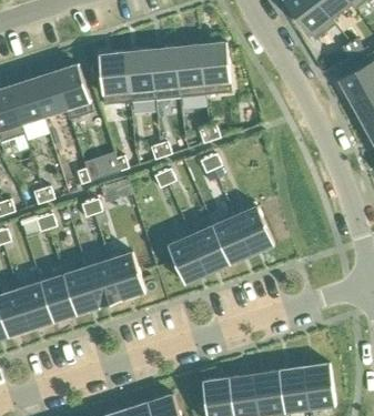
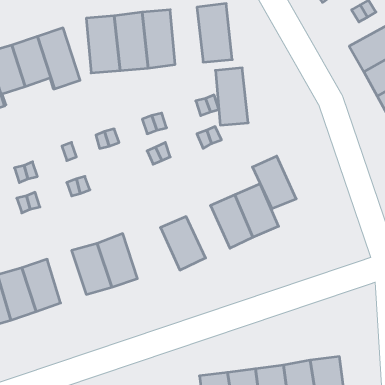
building: [174,44,204,97] -> [215,68,248,125]
building: [189,225,229,273] -> [252,156,296,208]
building: [62,266,98,314] -> none

